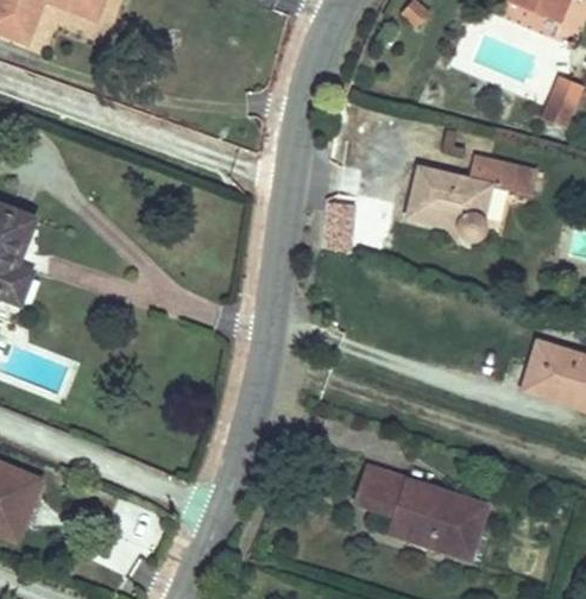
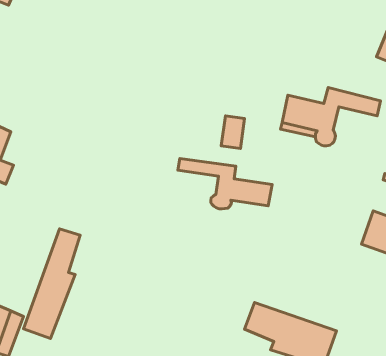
building: none -> [178,158,272,209]
building: none -> [23,229,80,339]

